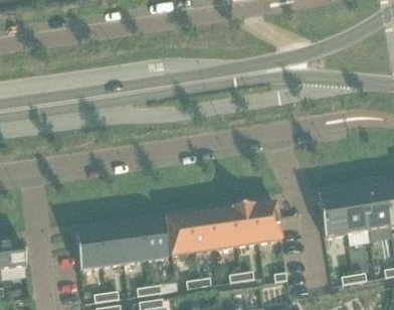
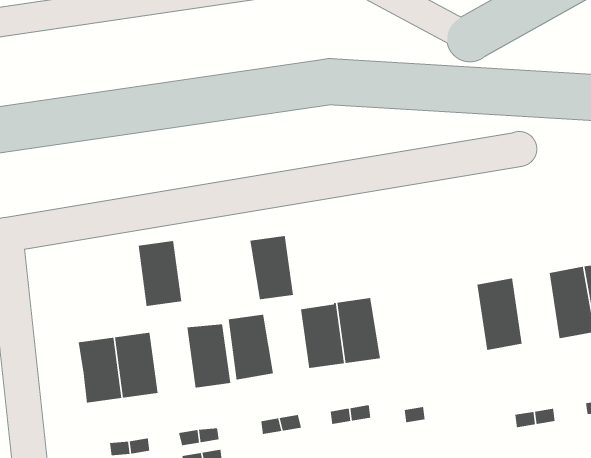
building: [341,188,370,244] -> none
building: [254,200,281,241] -> none
building: [189,210,216,250] -> [249,236,294,300]
building: [120,221,147,262] -> [138,241,182,307]

